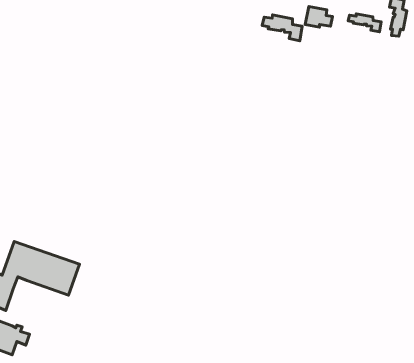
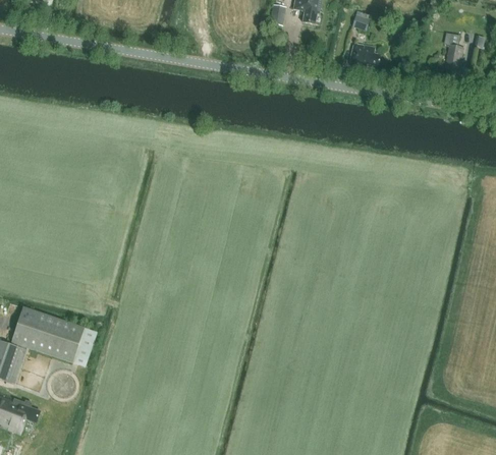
building: [348,14,381,32] -> none
building: [262,15,302,41] -> none

